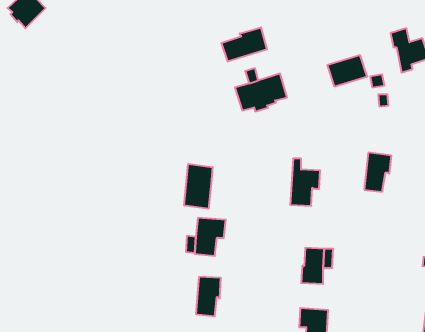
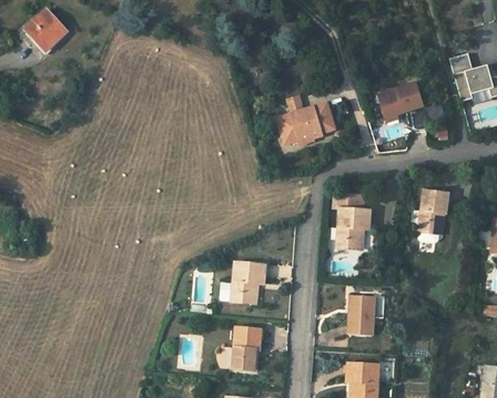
building: [221,27,267,62] -> none
building: [184,164,213,209] -> none

